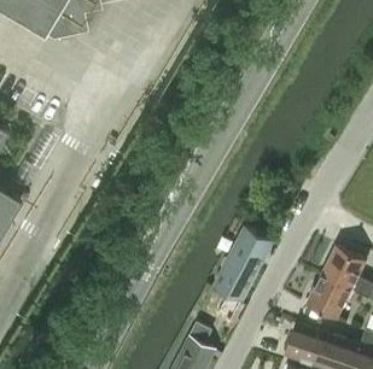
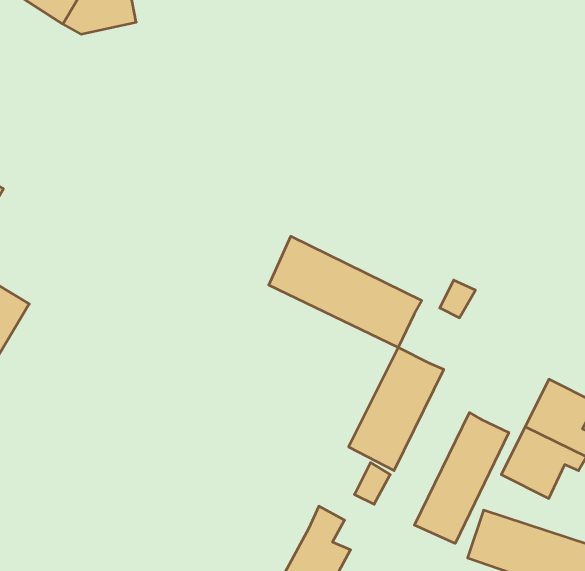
building: none -> [269,236,422,348]
building: none -> [414,413,509,543]

